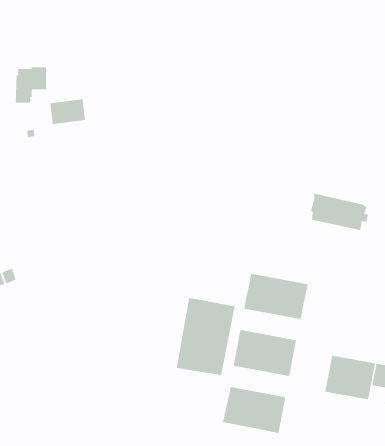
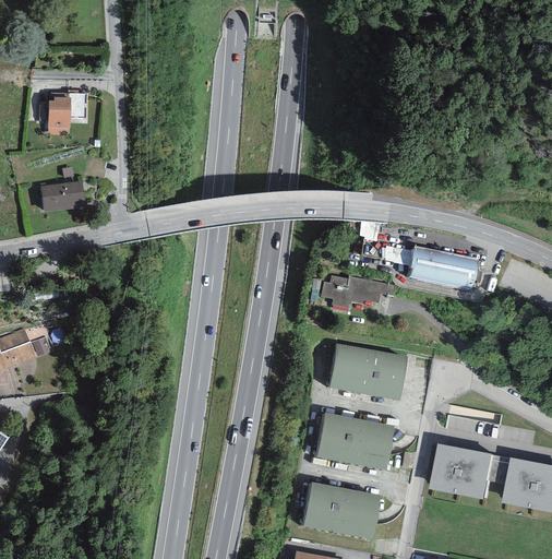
building: [49,99,86,125] -> [40,180,85,212]
building: none -> [321,275,394,308]
building: [176,297,235,376] -> none

